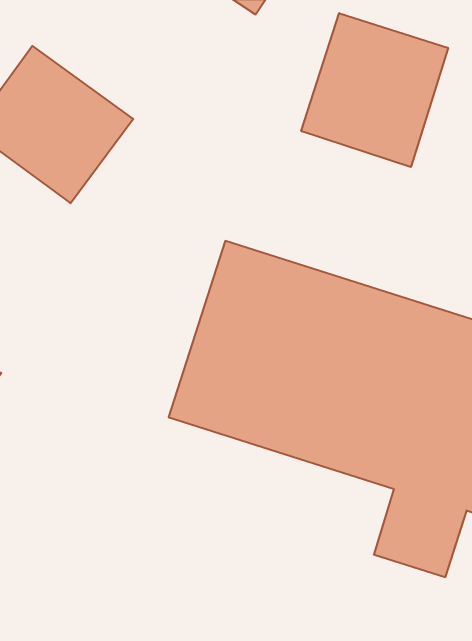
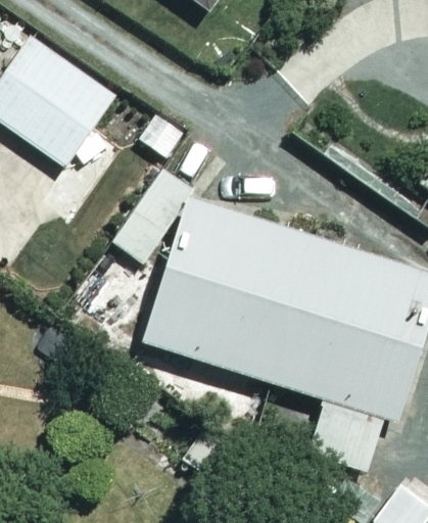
building: [301,13,448,167] -> none

